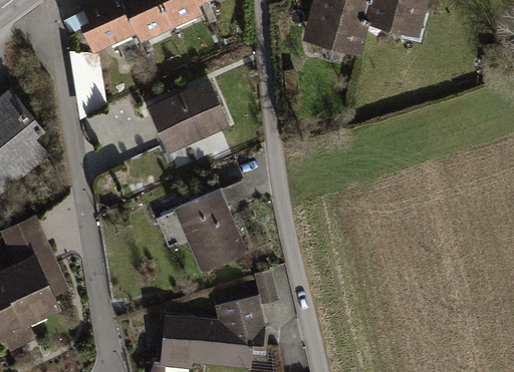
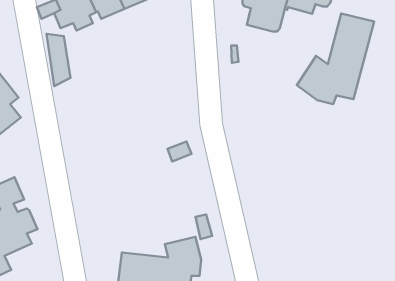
building: none -> [297,13,374,104]
building: [151,83,227,143] -> none
building: [156,190,245,267] -> none

